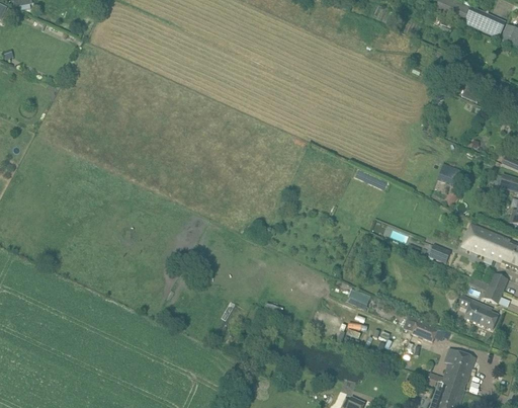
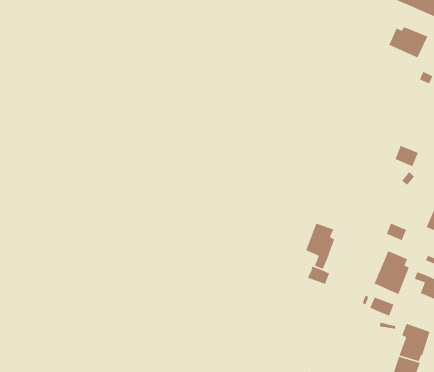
building: none -> [388,26,429,59]
building: none -> [305,223,335,270]
building: none -> [374,250,410,295]

